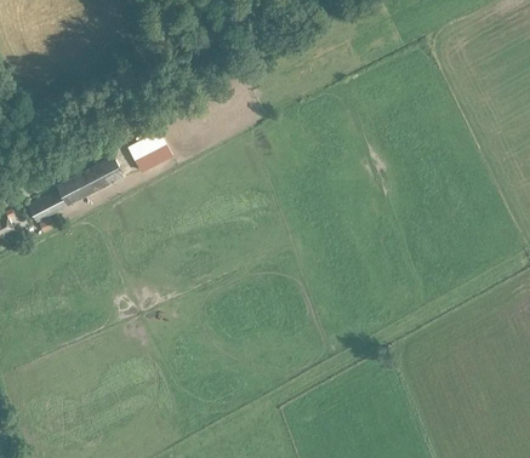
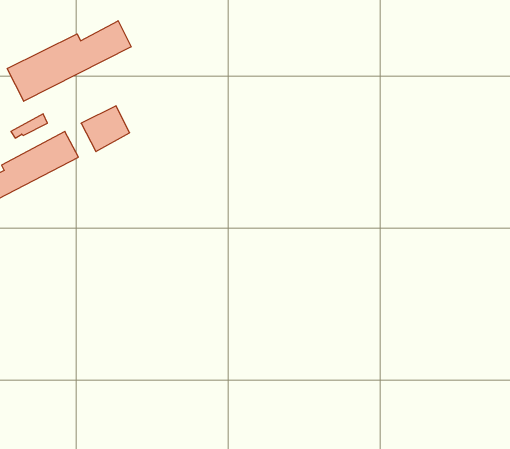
building: none -> [7,21,131,101]

